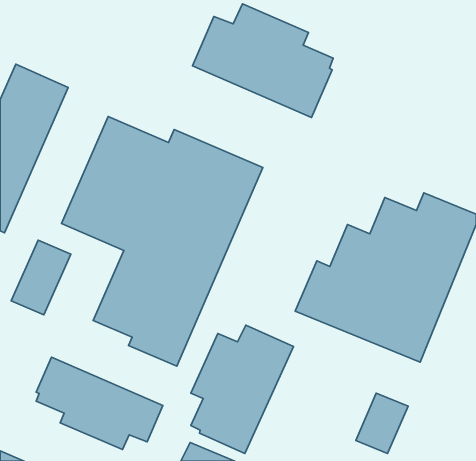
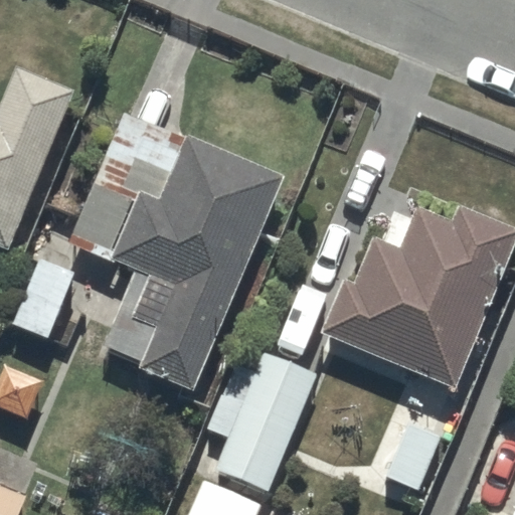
building: [192,4,333,117] -> none
building: [36,357,163,449] -> none

